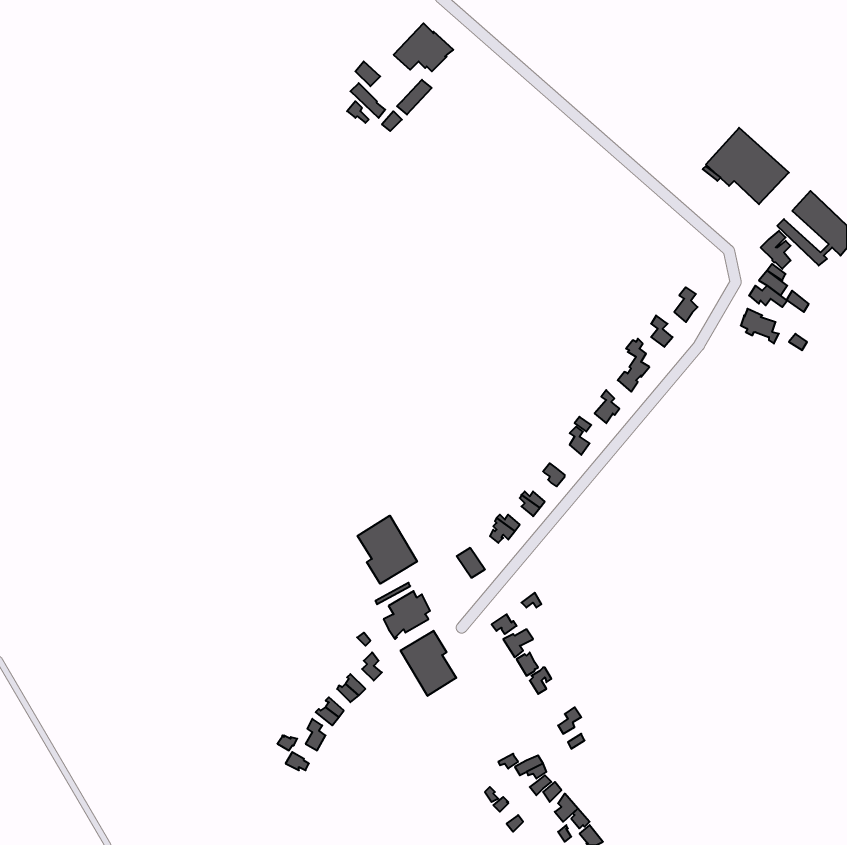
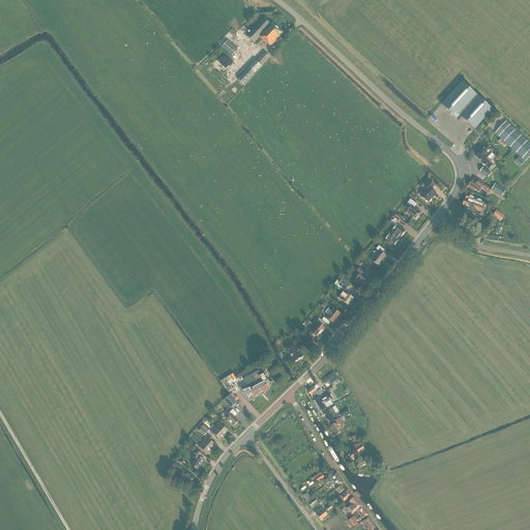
building: [358,516,417,584] -> none
building: [401,631,456,696] -> none

